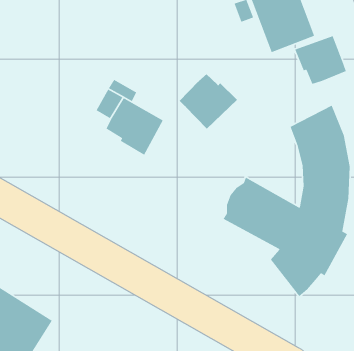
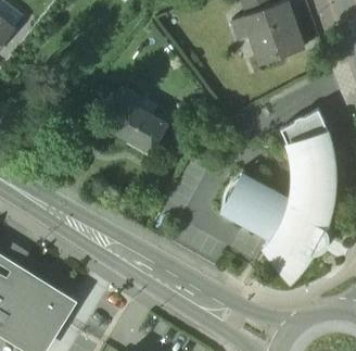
building: [294,35,347,85] -> none
building: [179,74,238,129] -> none

